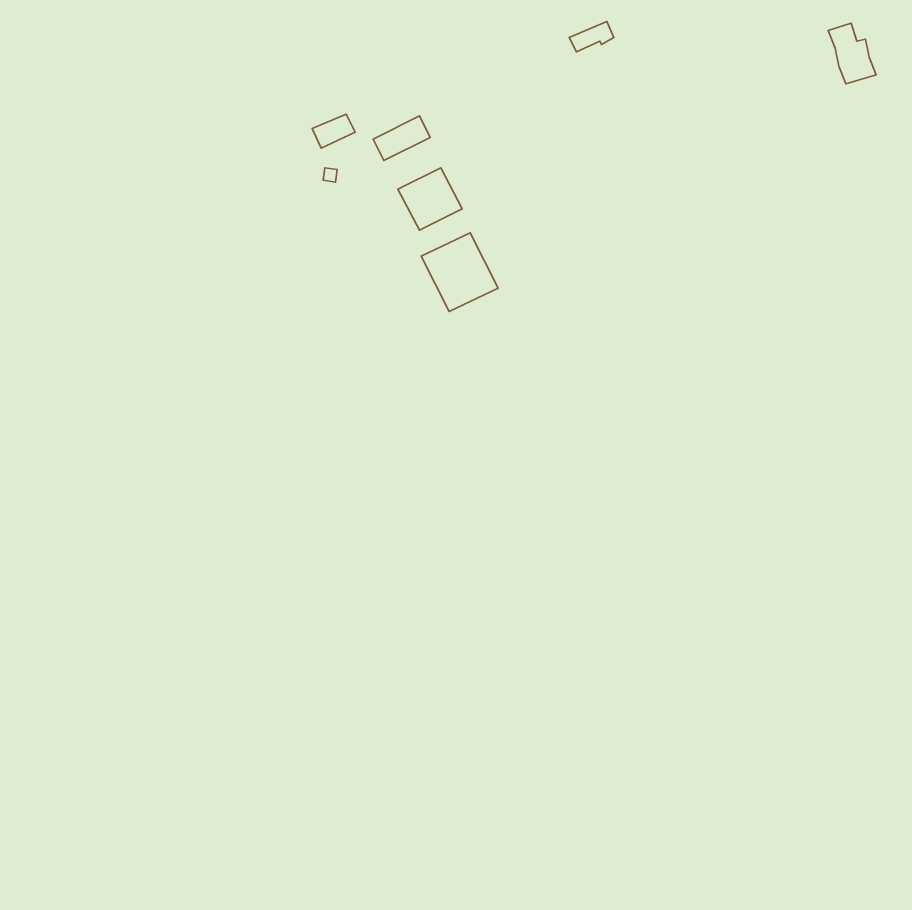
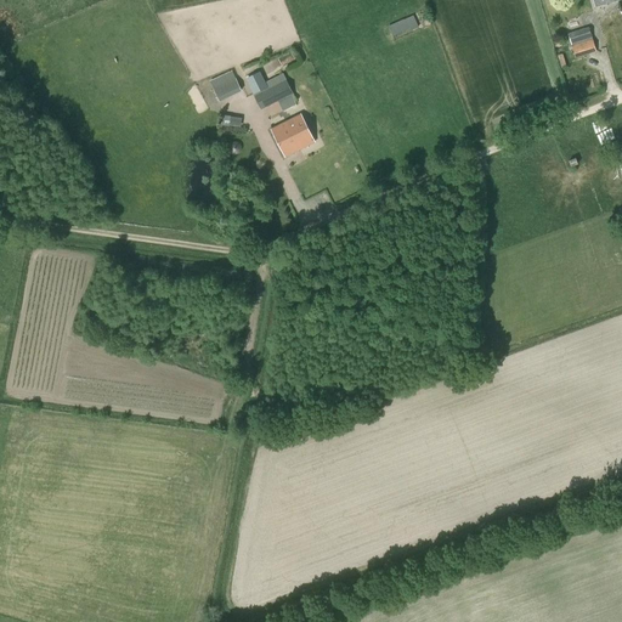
building: [421,233,498,312] -> none

